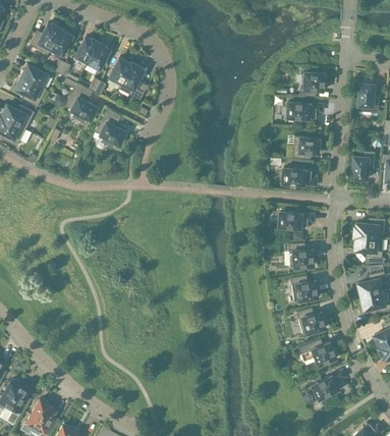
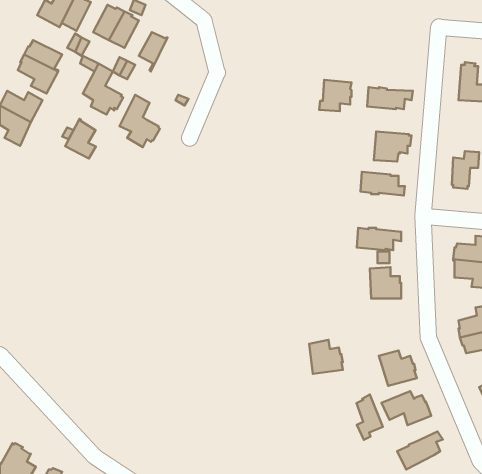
building: [118,63,146,101] -> none
building: [299,72,325,97] -> [319,80,352,111]
building: none -> [65,119,96,159]
building: [291,275,318,302] -> [309,340,343,374]
building: none -> [356,395,383,440]

